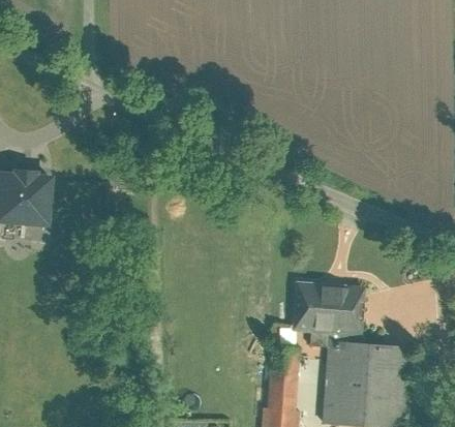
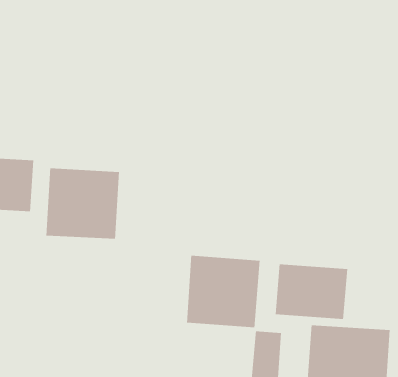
building: none -> [46,167,119,239]
building: none -> [187,255,260,328]

